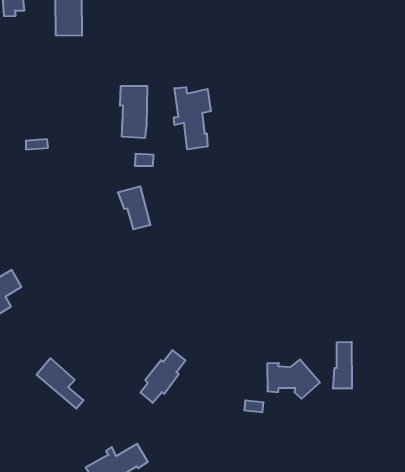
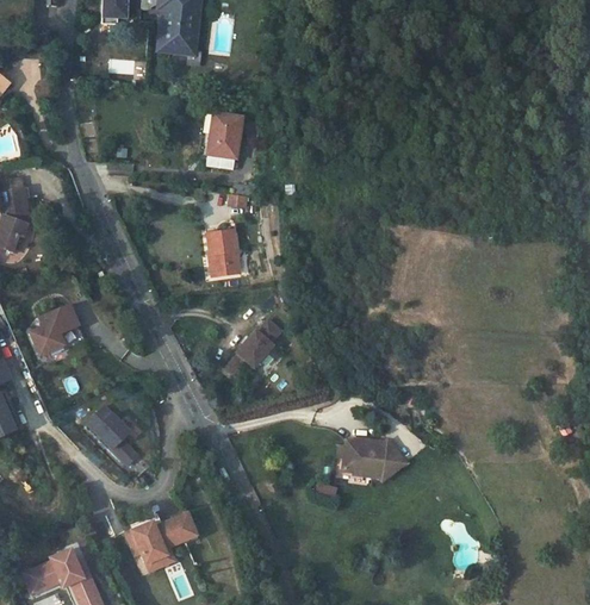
building: [174,87,211,149] -> none
building: [333,342,352,389] -> none
building: [140,350,186,403] -> [223,323,278,379]

